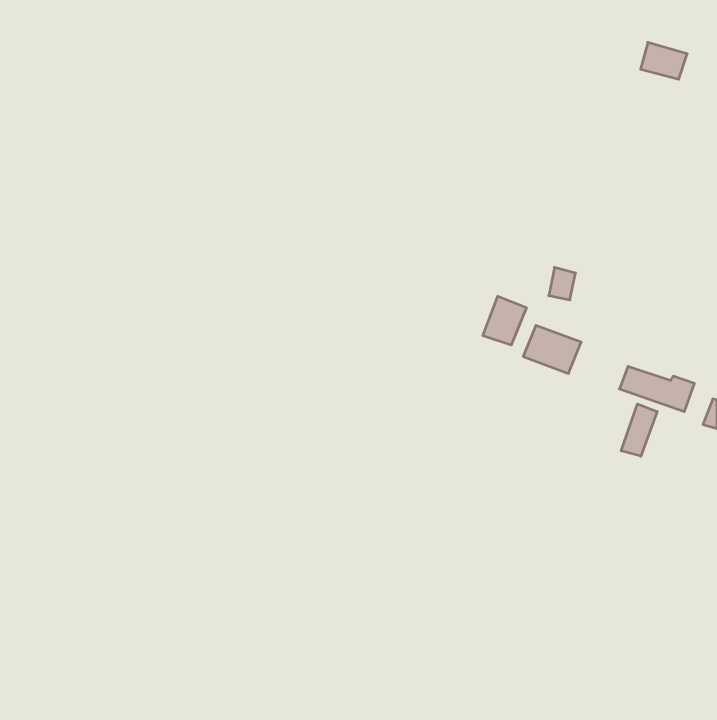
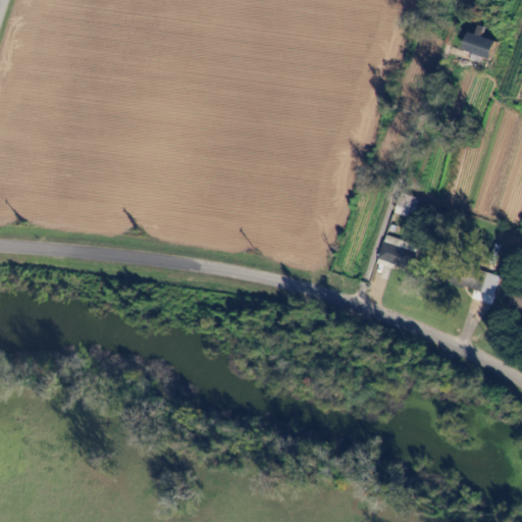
building: [483,296,526,345] -> none
building: [621,404,657,456] -> none

